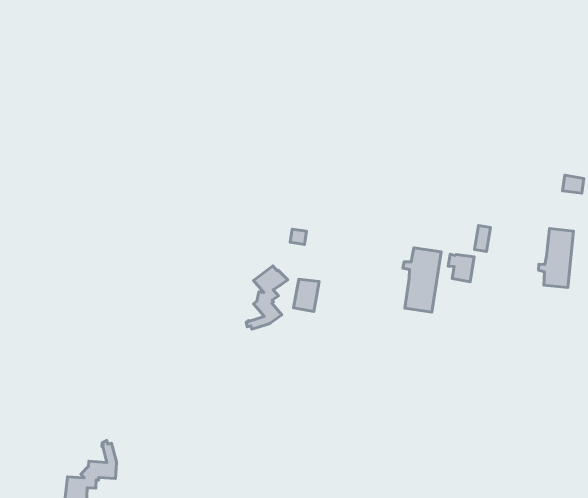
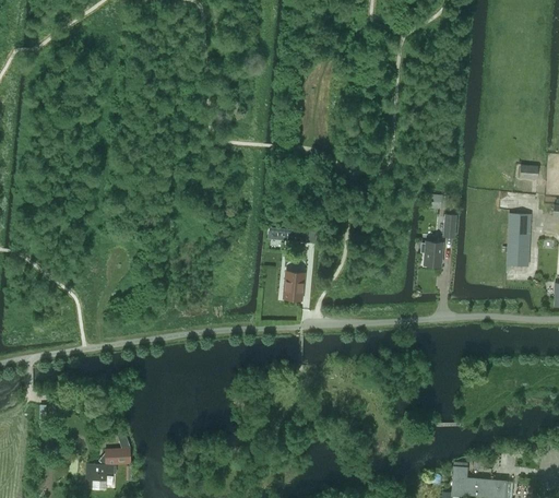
building: [403,248,441,312] -> none
building: [246,266,288,329] -> none

